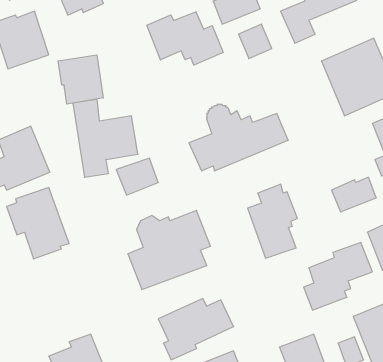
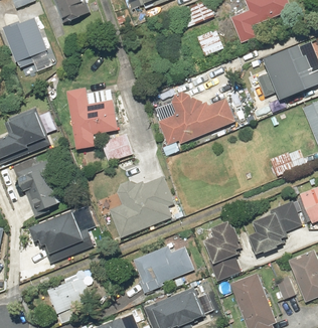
building: [147,12,223,65] -> none
building: [58,55,103,104] -> none
building: [248,184,297,258] -> [202,220,242,279]
building: none -> [28,209,95,254]

